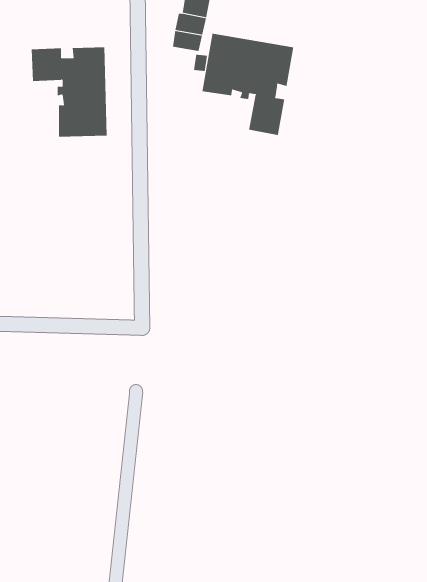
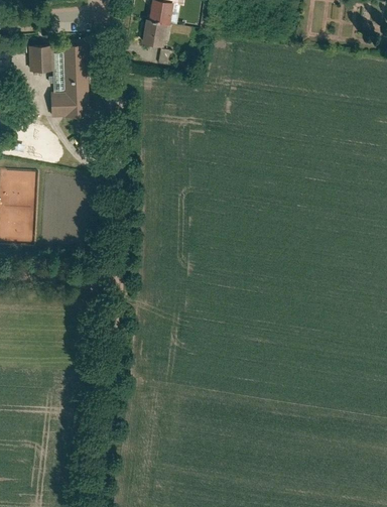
building: [202,33,294,136] -> none

